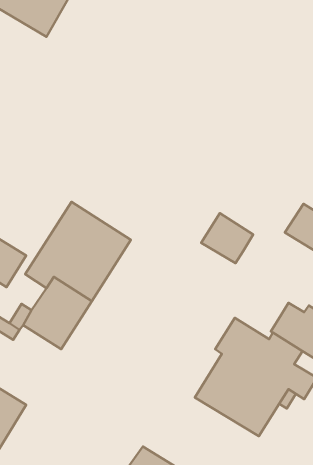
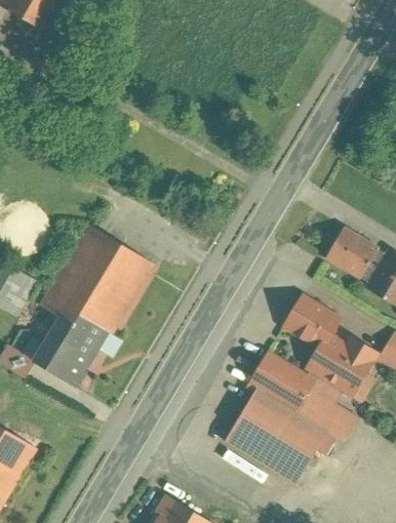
building: [201,213,253,263] -> [282,294,340,350]

